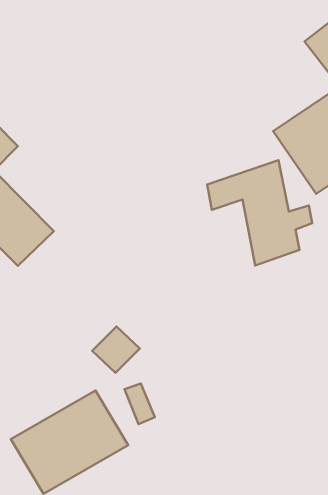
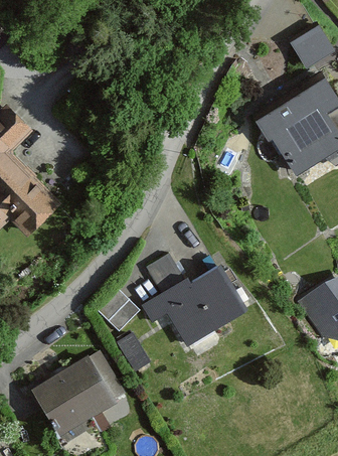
building: [207,160,312,265] -> none
building: none -> [145,252,245,357]

